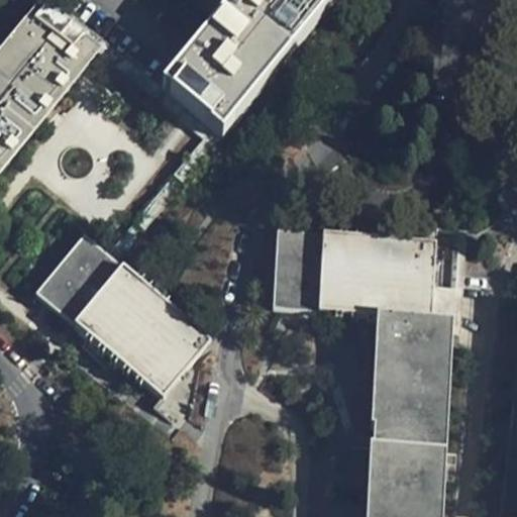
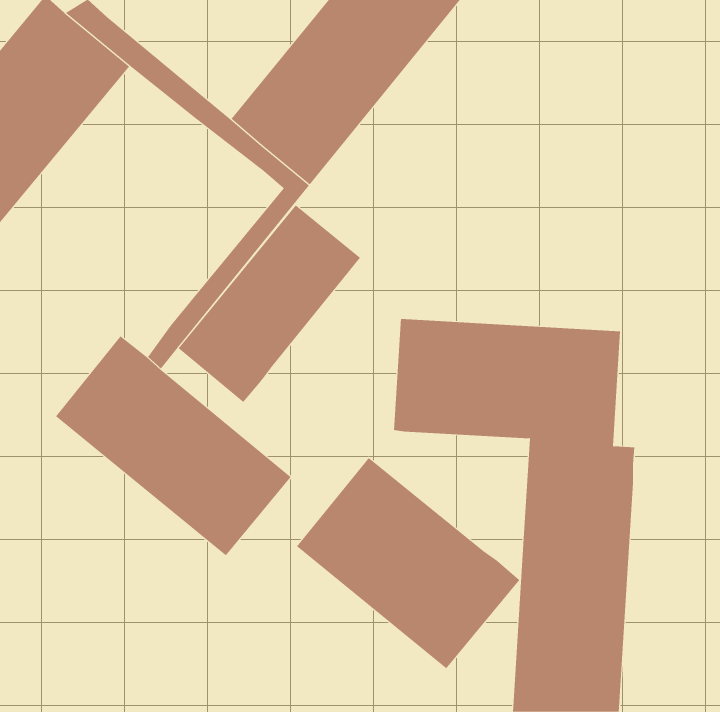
building: none -> [178,204,361,403]
building: none -> [296,457,520,669]

